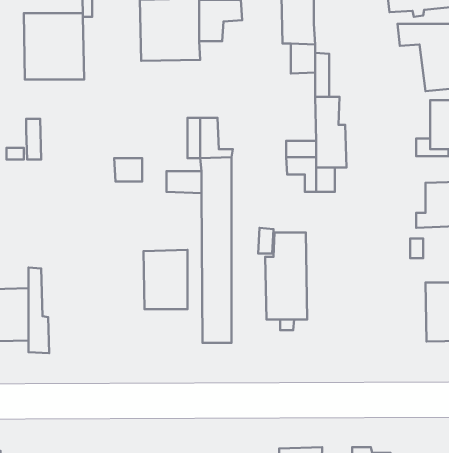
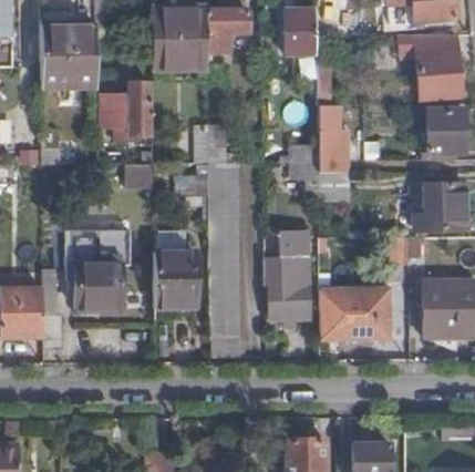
building: none -> [97,82,153,134]
building: none -> [68,232,127,307]
building: none -> [332,291,388,339]

